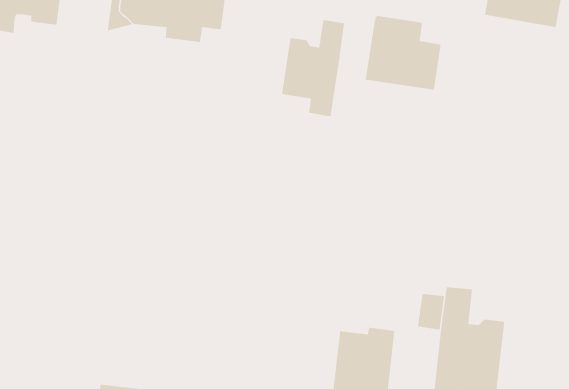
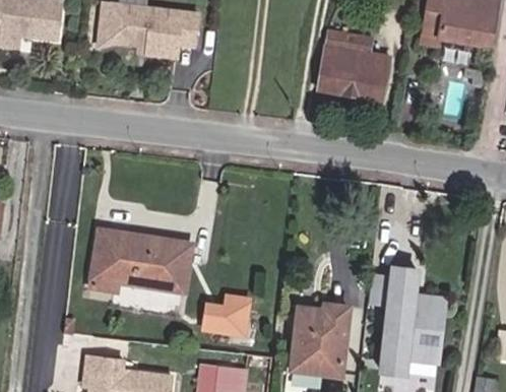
building: [281,19,345,117] -> none
building: none -> [90,232,190,292]
building: none -> [201,292,252,337]

